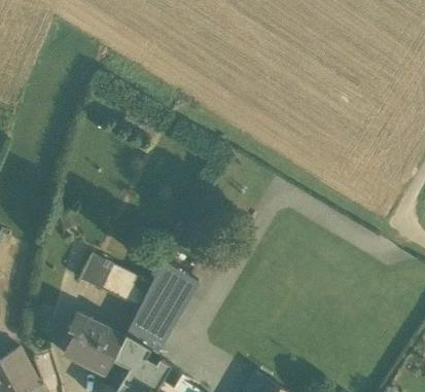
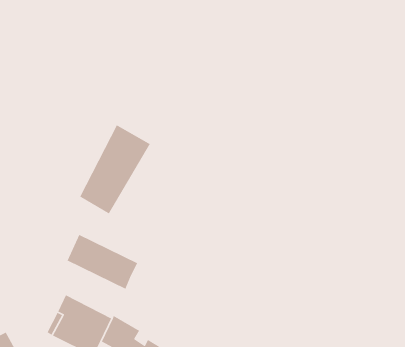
building: [127,261,198,351] -> [79,124,151,215]

